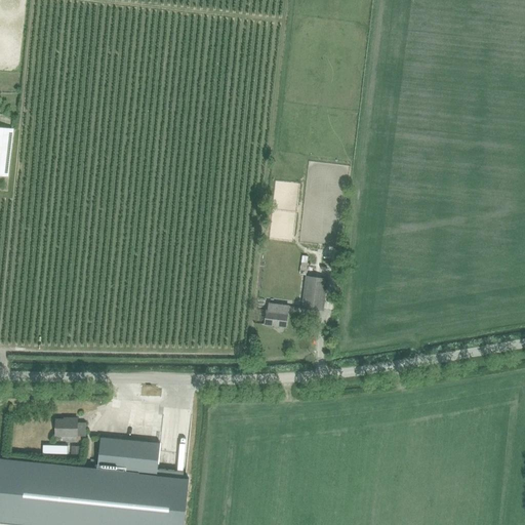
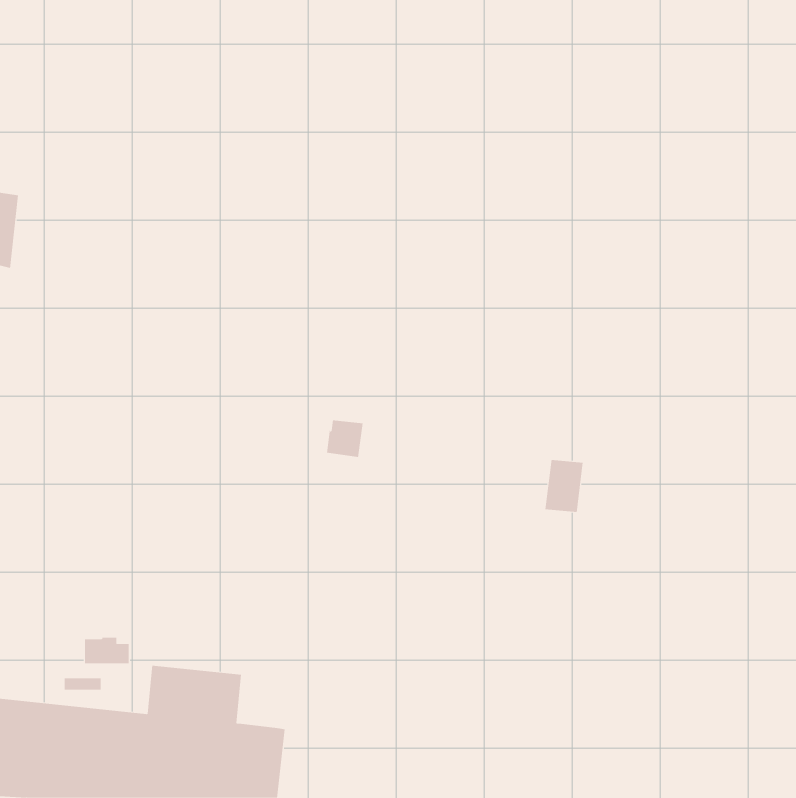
building: [299,275,325,310] -> [545,459,584,513]
building: [262,302,287,327] -> [326,420,363,457]

